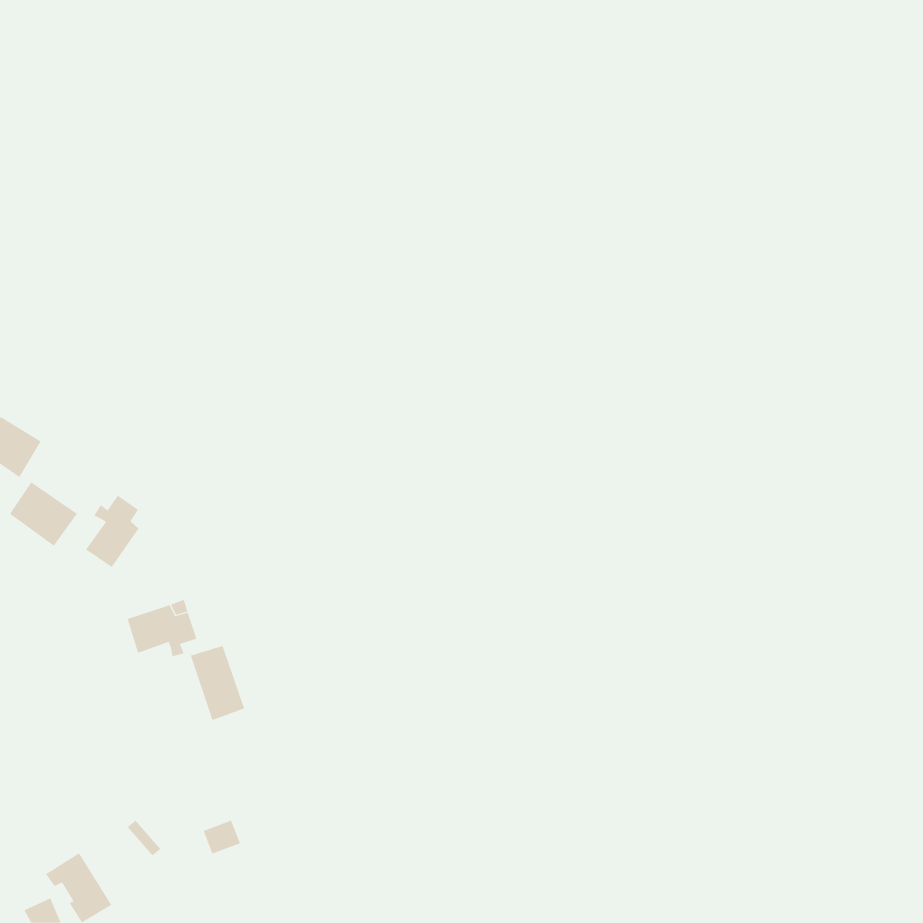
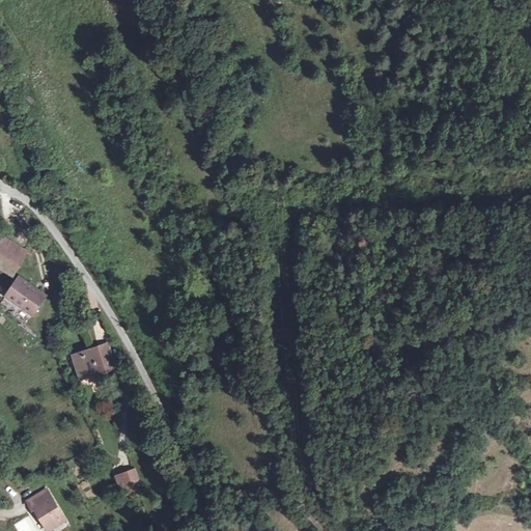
building: [85,495,139,568] -> none
building: [190,645,245,721] -> none

